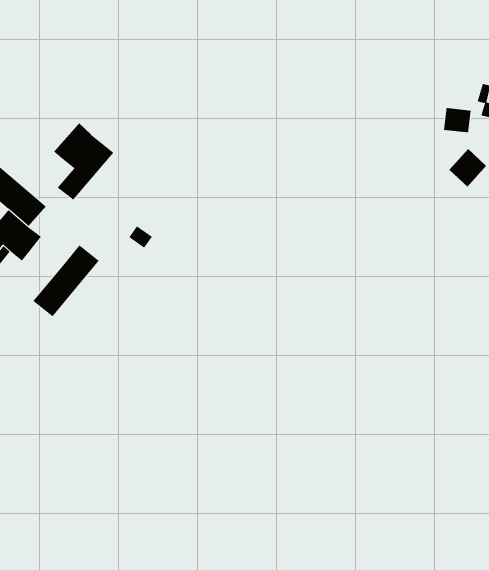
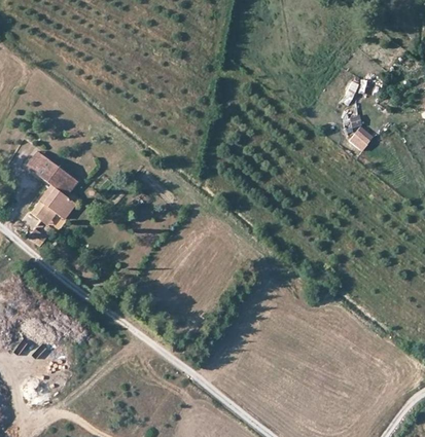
building: [53,123,114,200] -> none
building: [32,244,100,317] -> none

